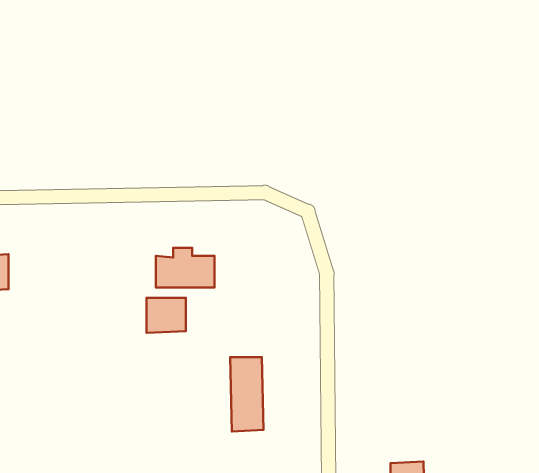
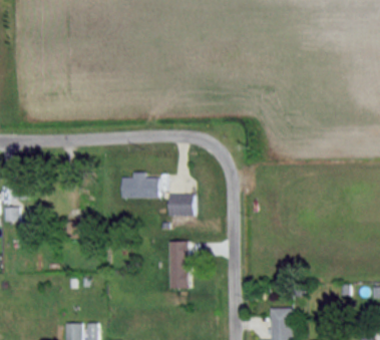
building: [146,298,186,333] -> [168,195,194,217]

